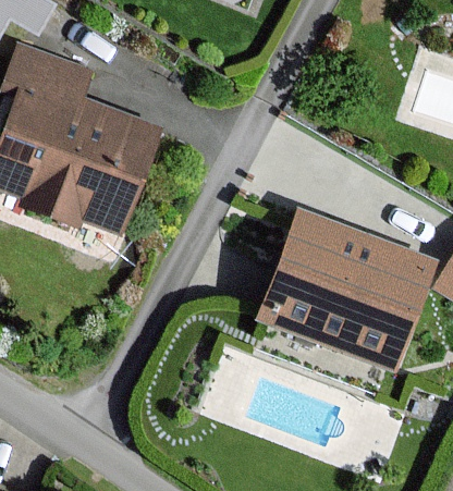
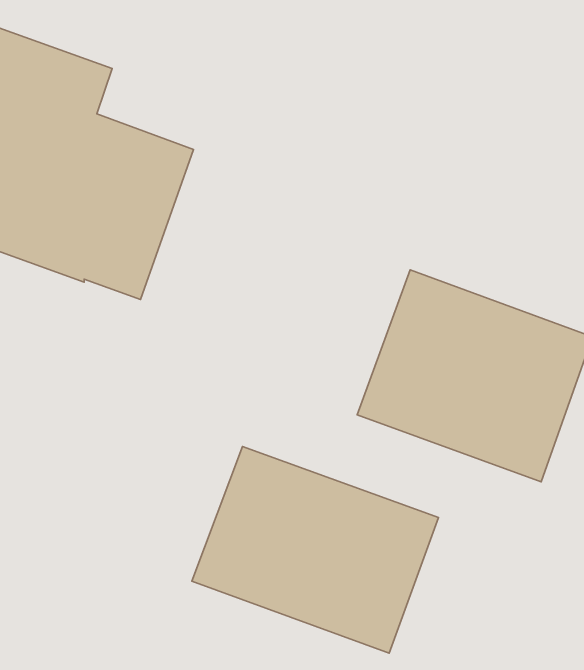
building: none -> [192,446,439,653]

